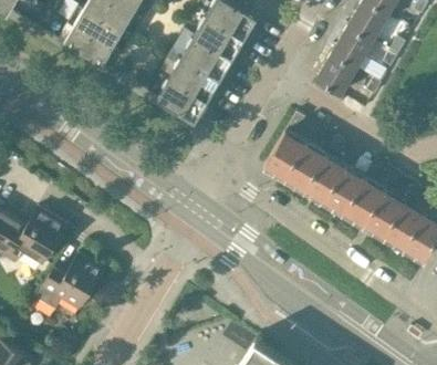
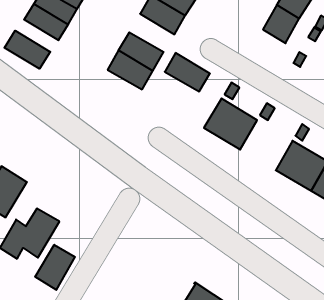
building: [180,38,231,81] -> [165,53,210,91]
building: [314,55,356,97] -> none
building: none -> [4,31,50,69]
building: [305,157,364,213] -> none
building: none -> [35,245,75,290]

